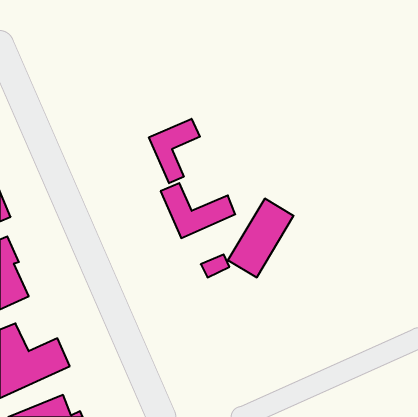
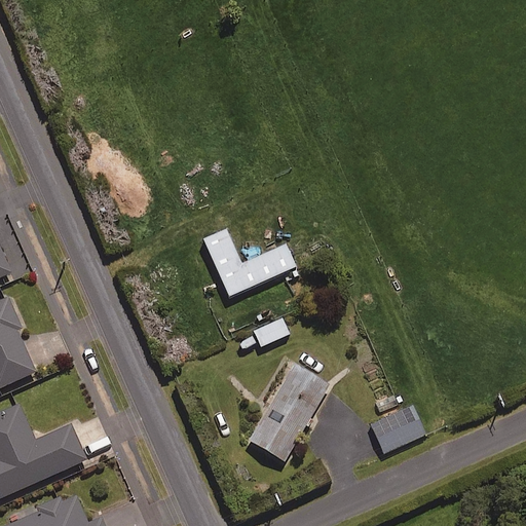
building: [149,119,200,183] -> none
building: [228,199,294,277] -> [247,365,329,463]
building: none -> [369,405,424,453]

